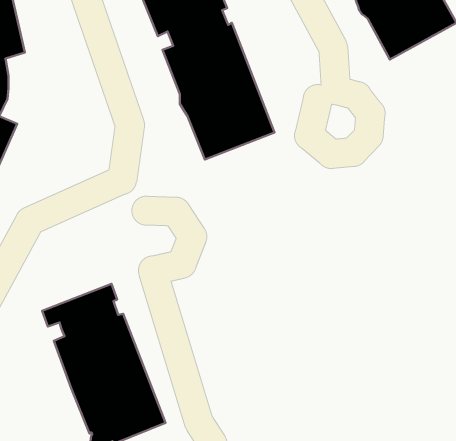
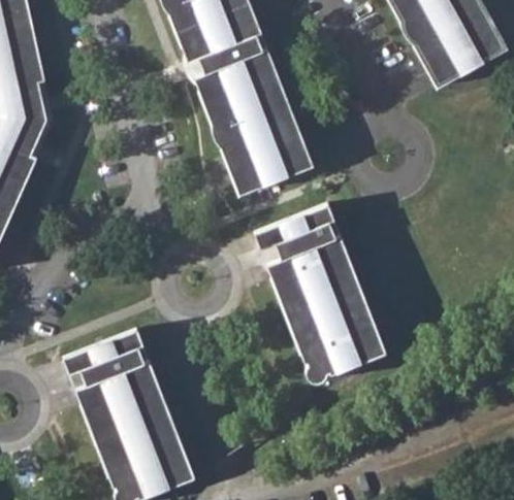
building: none -> [253,204,386,382]

